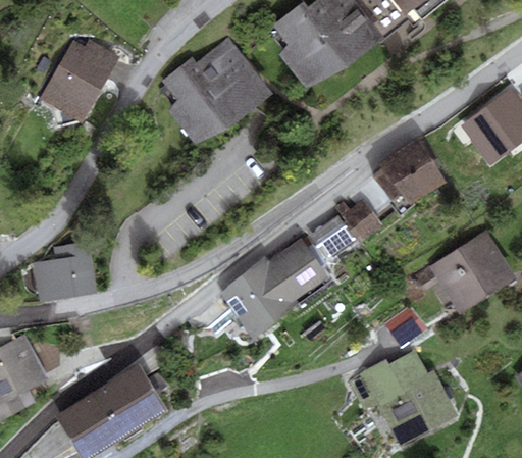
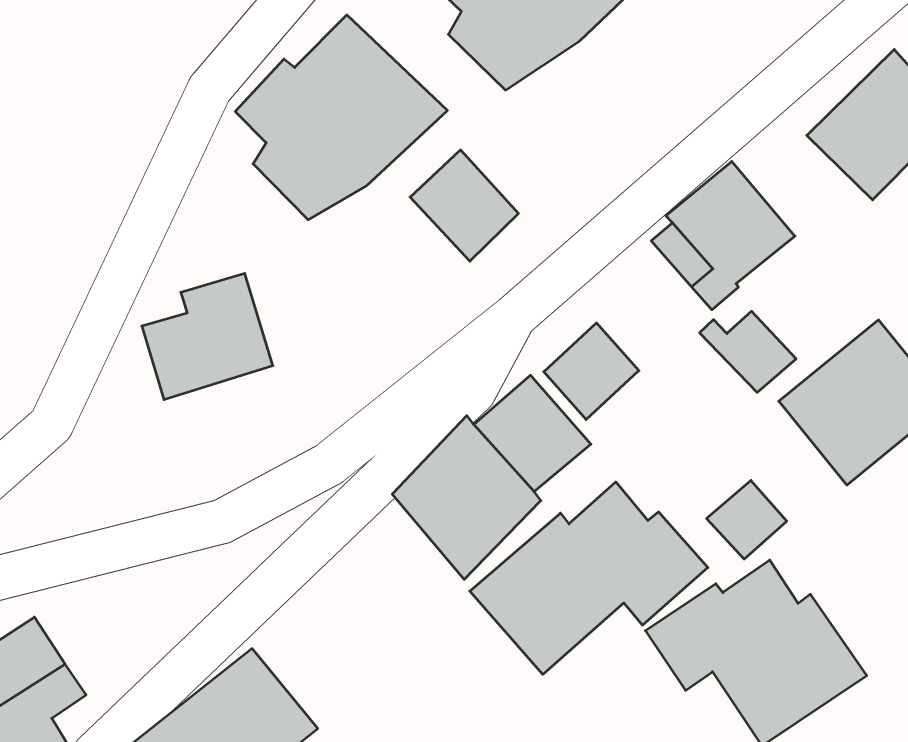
building: [39,38,120,122] -> none
building: none -> [410,150,518,261]
building: [333,199,382,242] -> [700,311,796,392]
building: [31,241,97,302] -> [142,273,273,400]
building: none -> [470,482,708,674]

